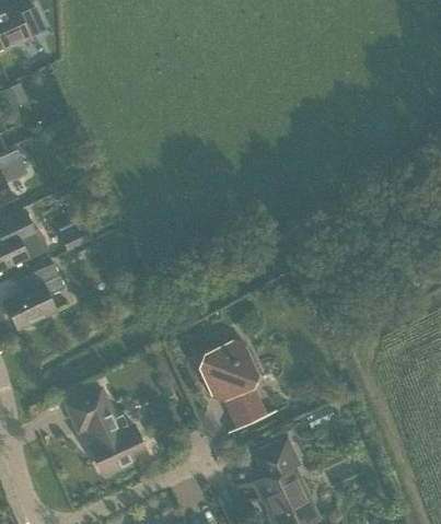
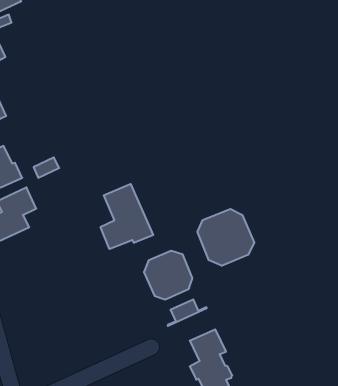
building: none -> [101,184,153,249]
building: none -> [197,209,254,266]
building: [66,387,147,475] -> none

